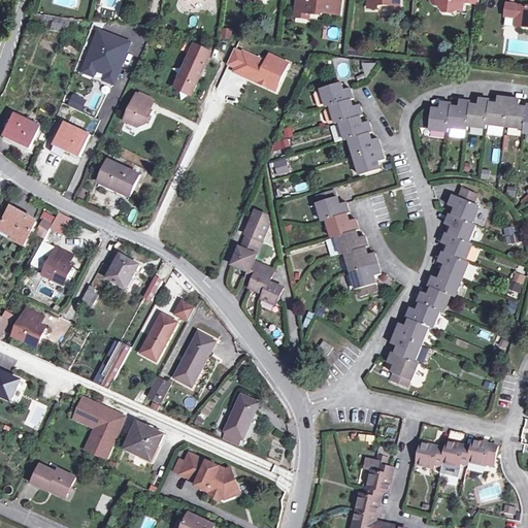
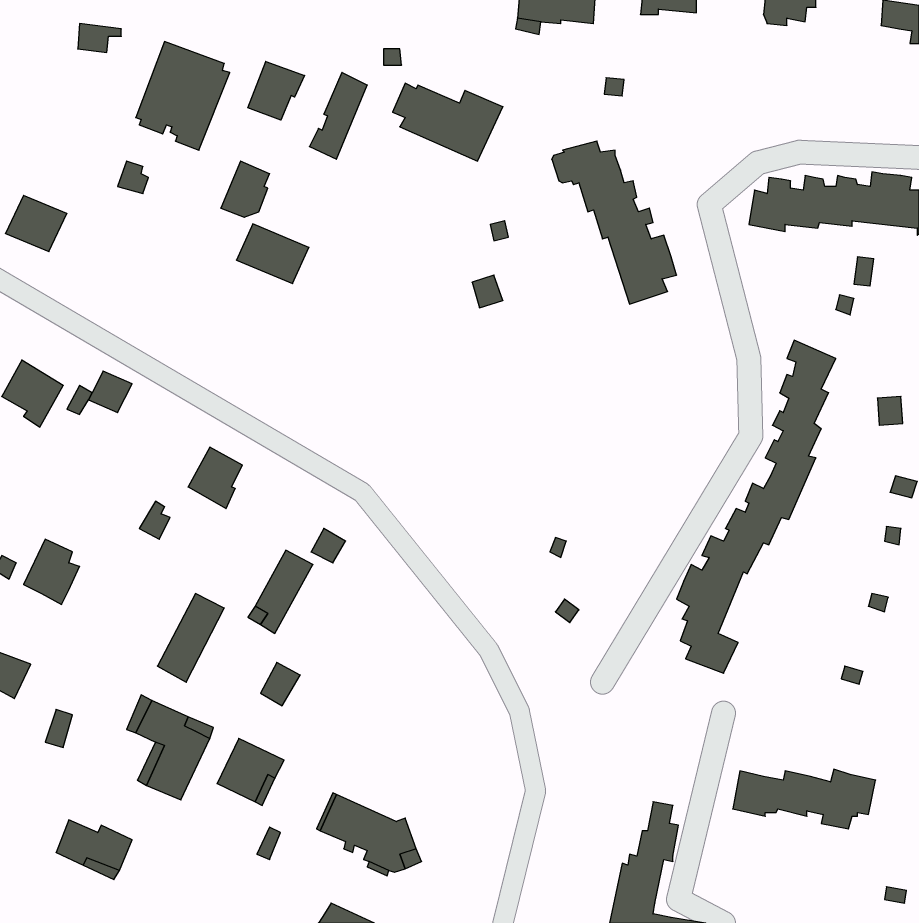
building: none -> [248,61,305,120]
building: [55,121,88,153] -> none
building: [99,160,140,194] -> [236,224,309,284]
building: [315,195,380,296] -> none
building: [227,208,278,304] -> none
building: [38,248,73,284] -> none
building: [176,332,217,385] -> none
building: [221,395,256,444] -> none

